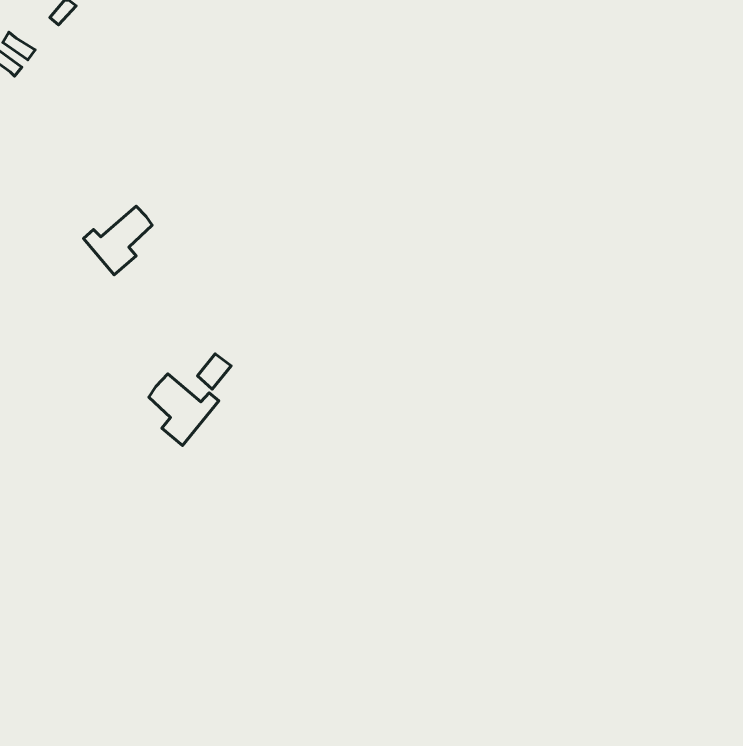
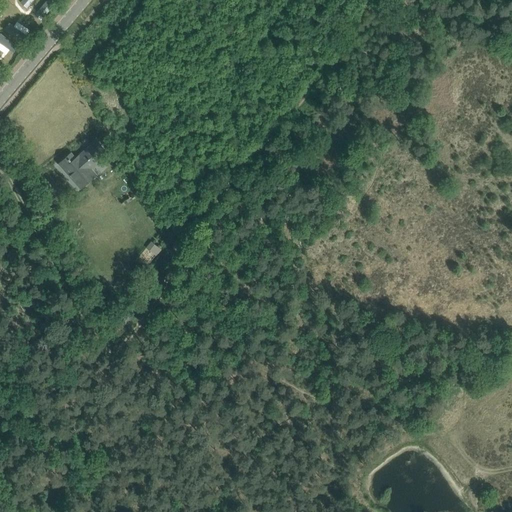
building: [149,374,219,446] -> none

